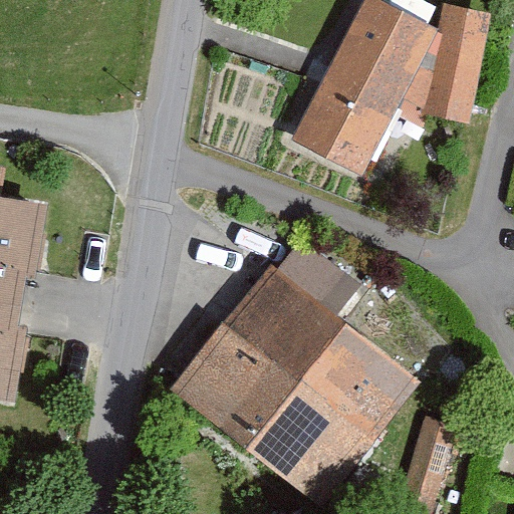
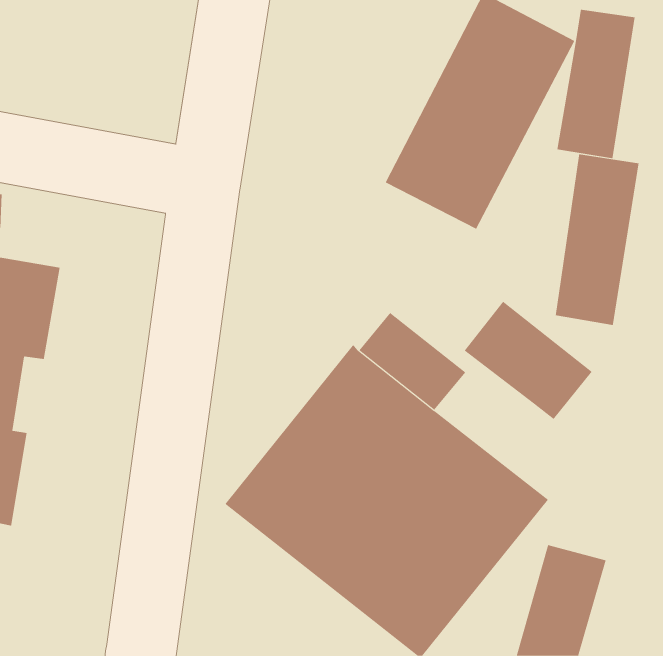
building: none -> [555,154,639,326]
building: none -> [464,301,593,420]

